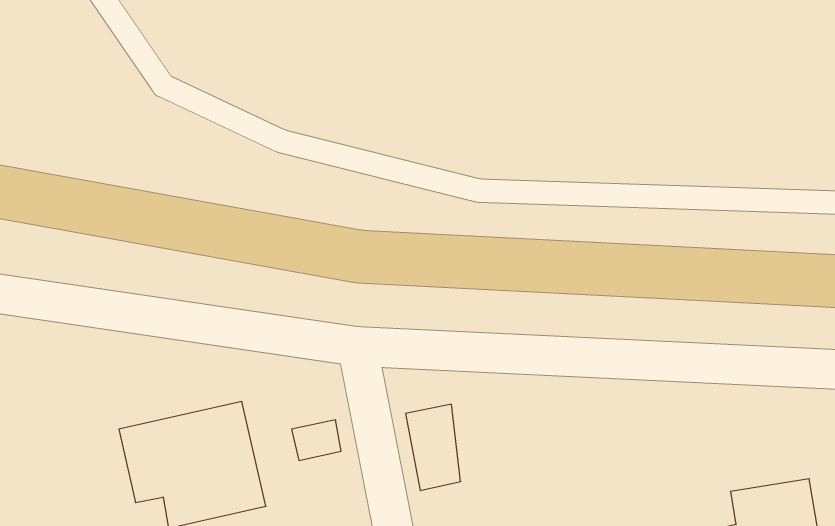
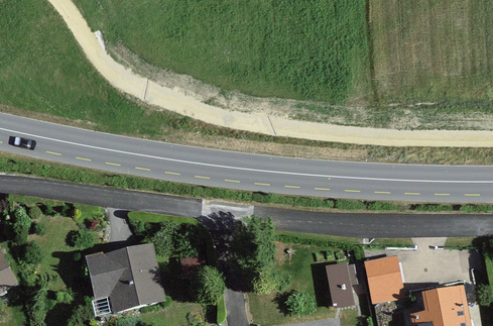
building: [406,404,461,491] -> [324,258,354,306]
building: none -> [363,254,404,302]

